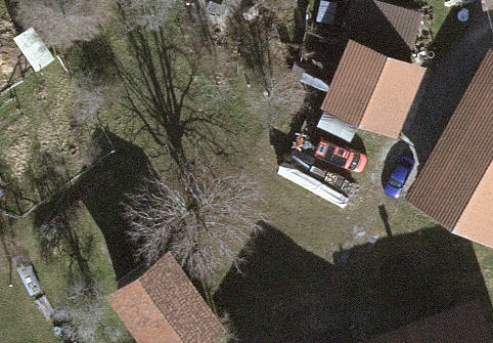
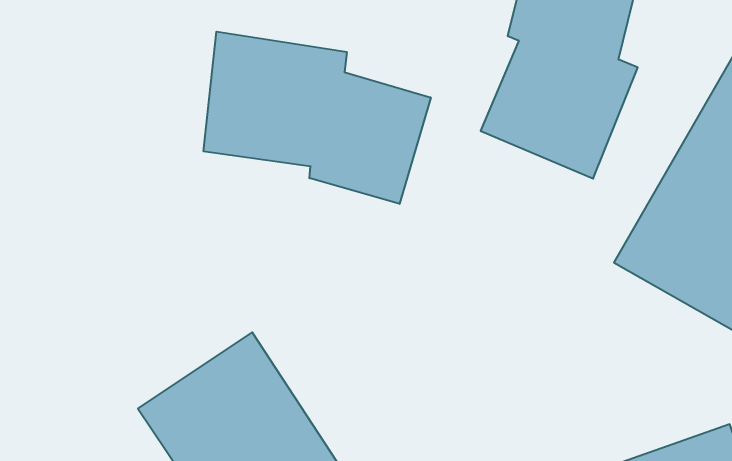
building: none -> [204,32,431,204]

